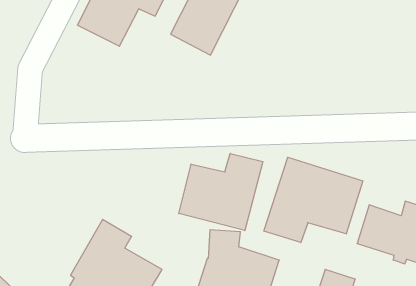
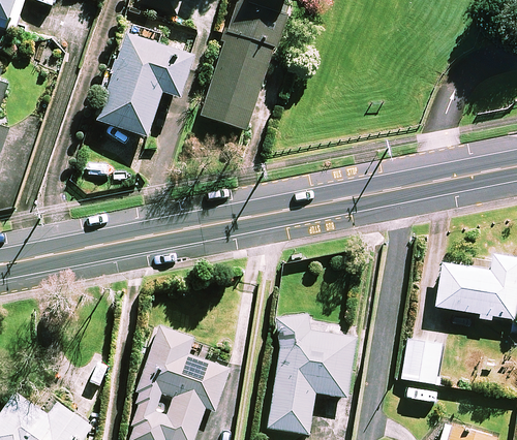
building: [179,153,263,231] -> none
building: [264,157,363,243] -> none

